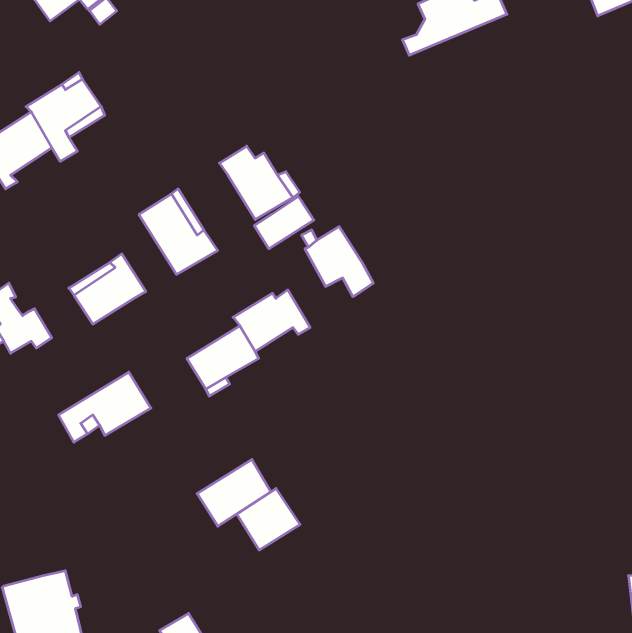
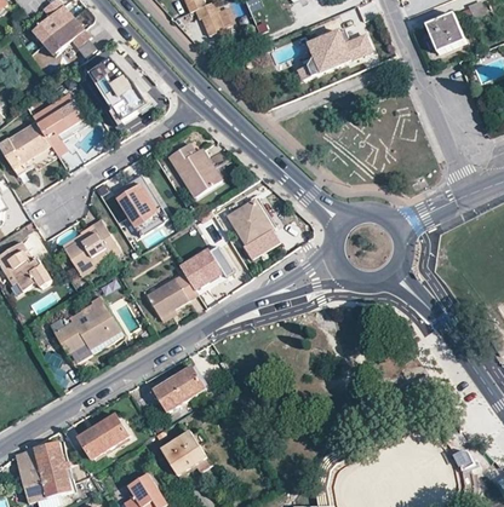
building: none -> [88,53,149,120]
building: [254,196,314,249] -> none
building: [237,488,300,550] -> [161,432,206,476]
building: none -> [76,414,128,461]

